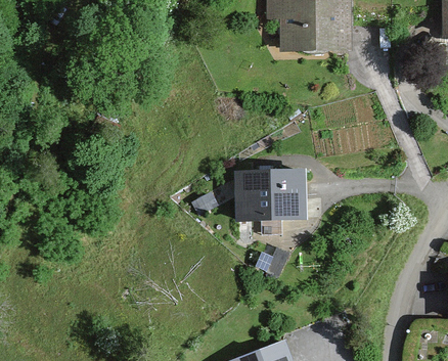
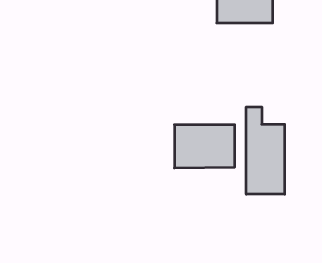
building: none -> [246,107,285,194]

